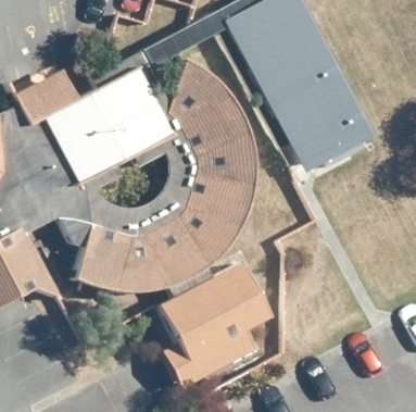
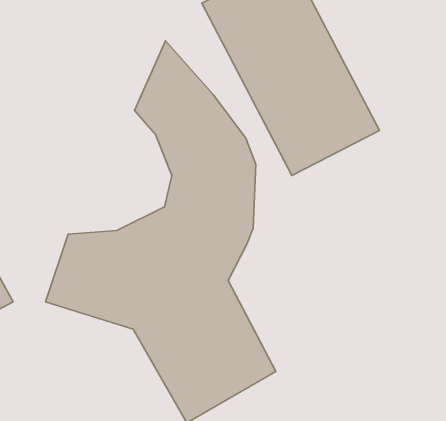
building: [24,67,139,177] -> none

